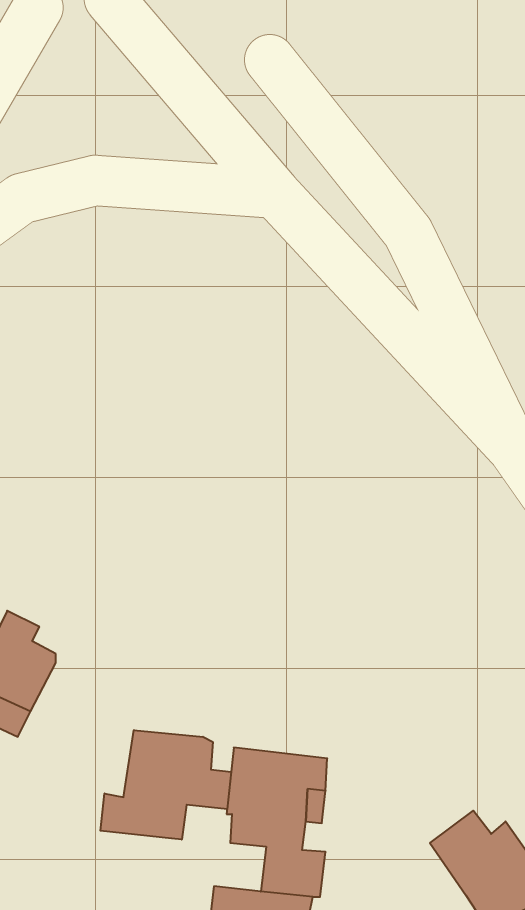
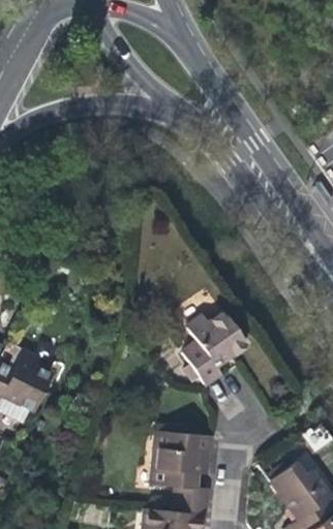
building: none -> [189,311,252,381]
building: [100,730,231,840] -> none

